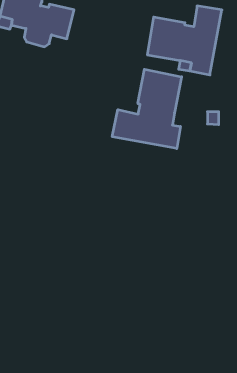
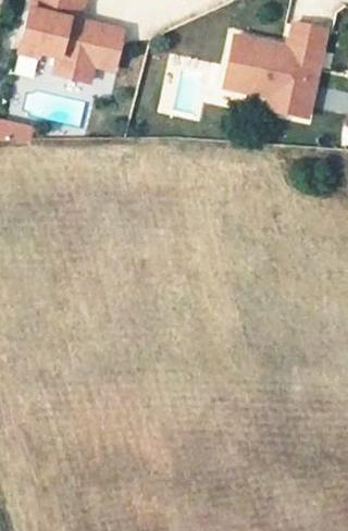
building: [112,69,182,149] -> none

